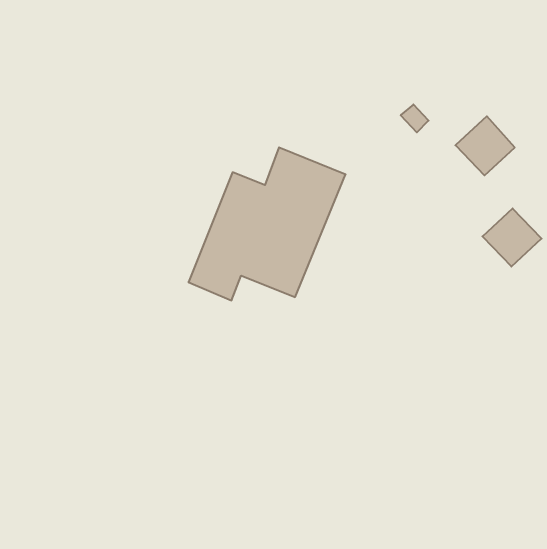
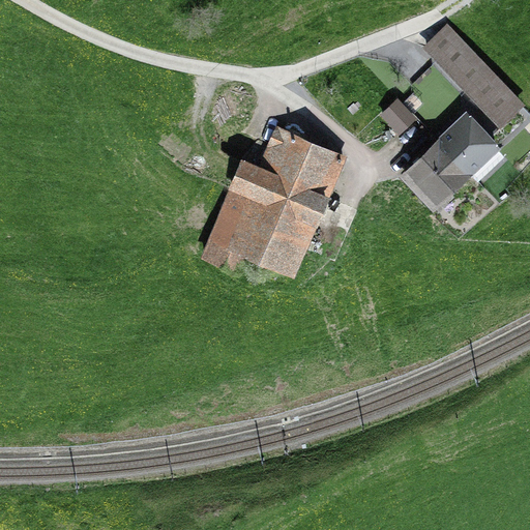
building: none -> [433,27,522,118]
building: [482,208,542,267] -> [412,140,469,196]

